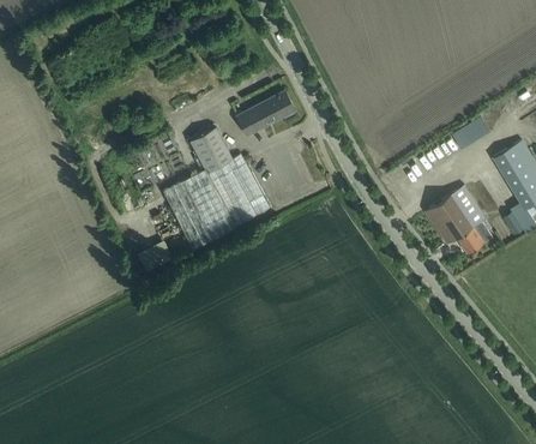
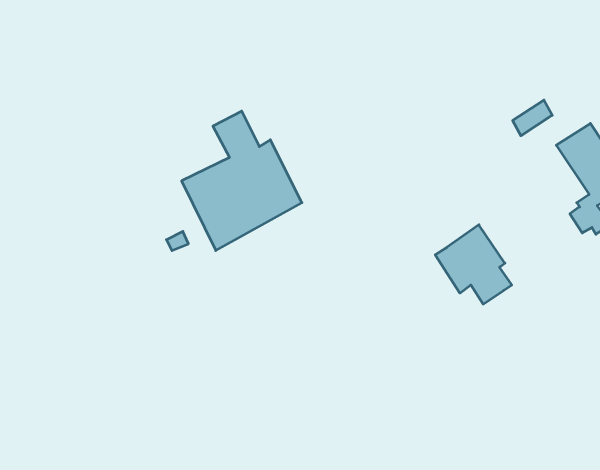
building: [236,91,294,136] -> none
building: [424,185,492,254] -> [435,225,512,304]

